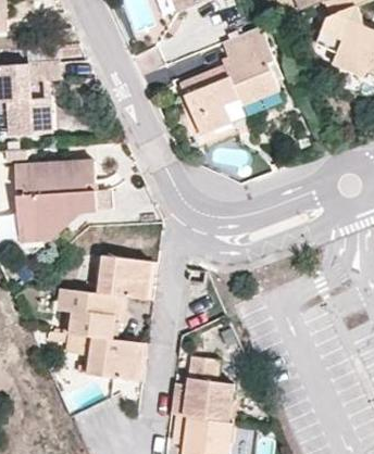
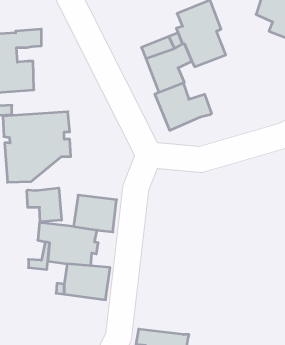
building: none -> [155,83,212,130]
building: none -> [27,188,61,222]
building: [172,356,235,421] -> none

